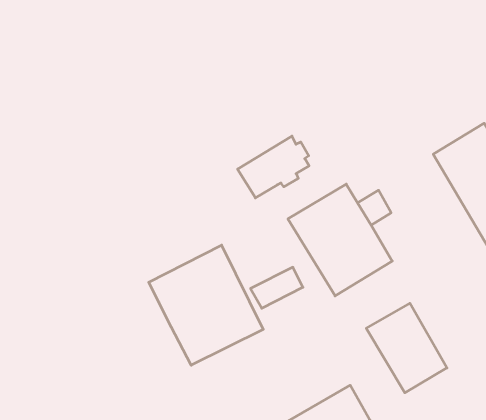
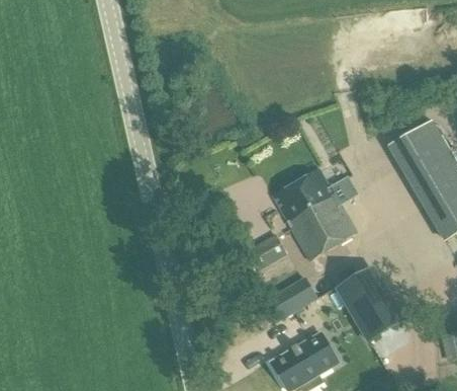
building: [238,136,309,198] -> none
building: [149,245,263,365] -> none
building: none -> [265,278,315,320]

